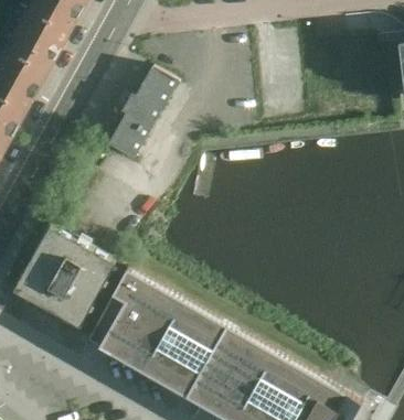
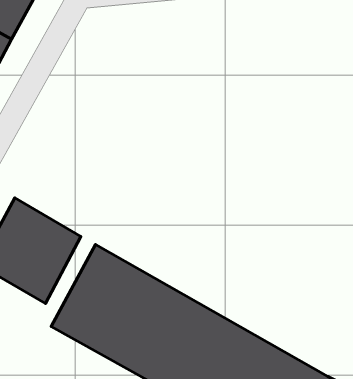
building: [108,69,176,158] -> none

